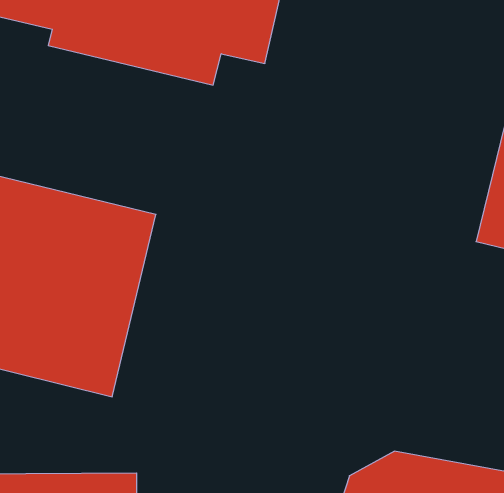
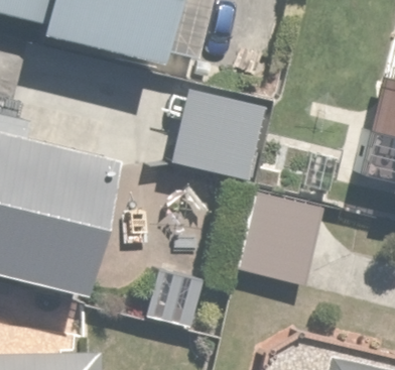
building: none -> [170,87,267,178]
building: none -> [233,190,323,285]

